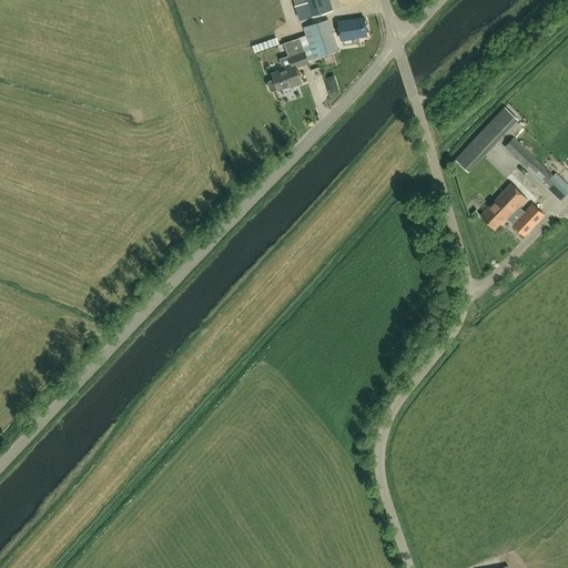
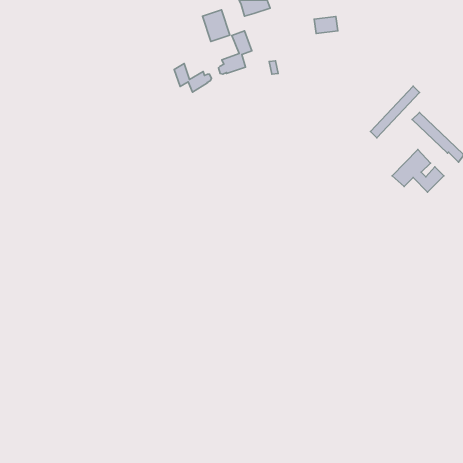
building: [338,18,367,39] -> [314,16,338,34]
building: [304,20,337,59] -> [203,10,230,42]
building: none -> [174,63,211,92]

